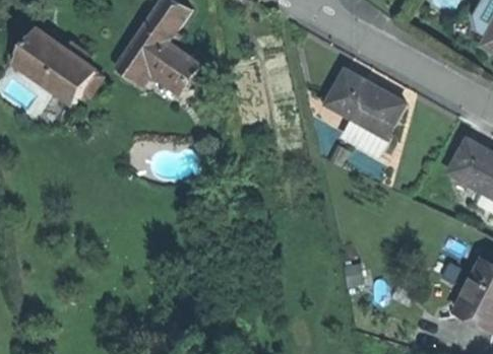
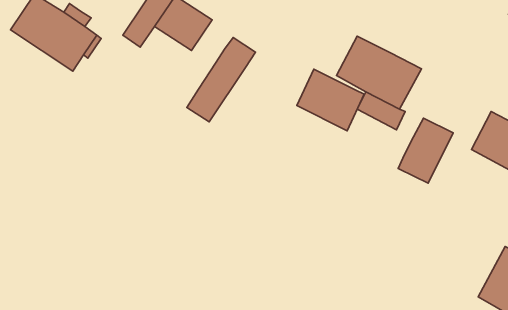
building: none -> [187,38,256,122]
building: none -> [297,69,364,131]
building: none -> [398,118,453,183]

